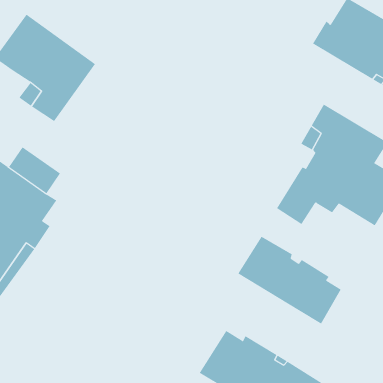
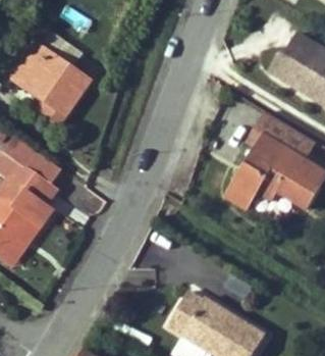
building: [238,236,342,325] -> none

